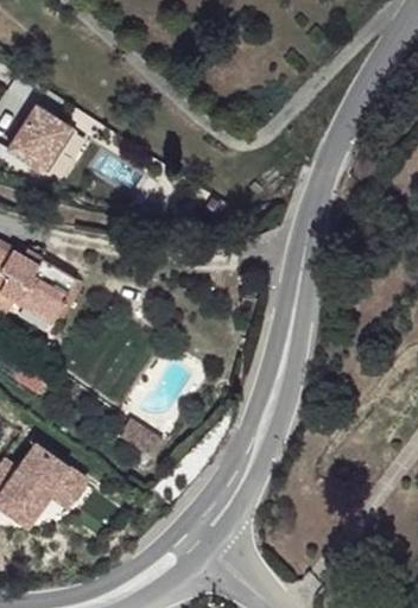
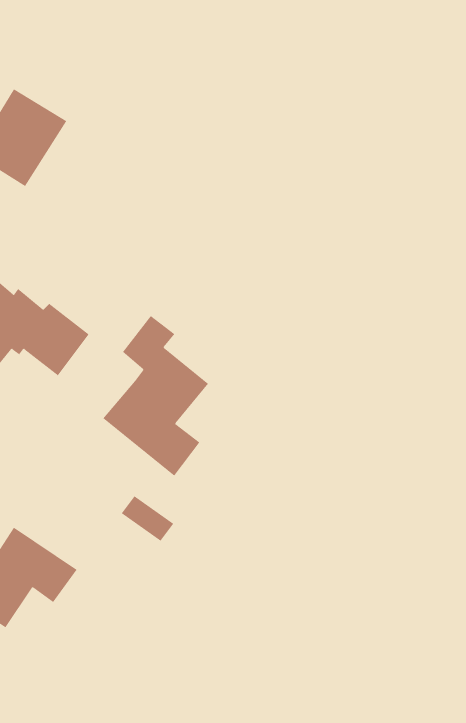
building: none -> [102,315,209,477]

